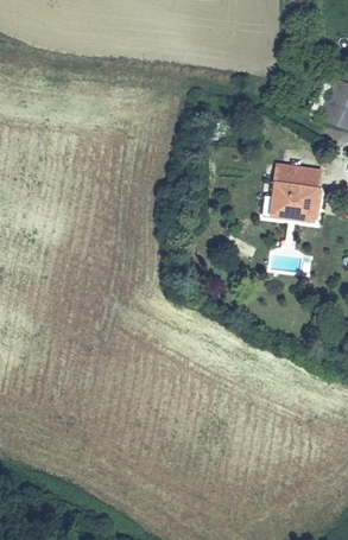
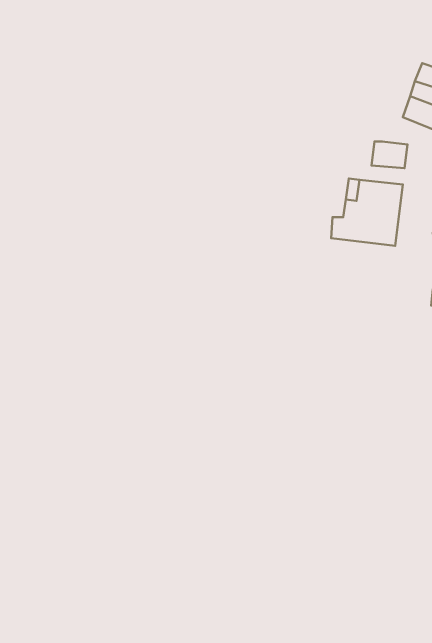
building: none -> [371,141,408,168]

